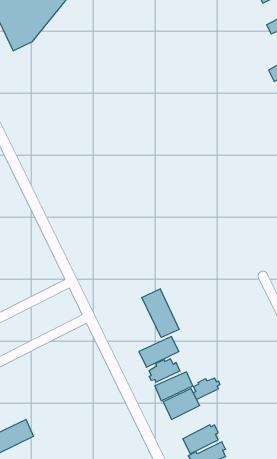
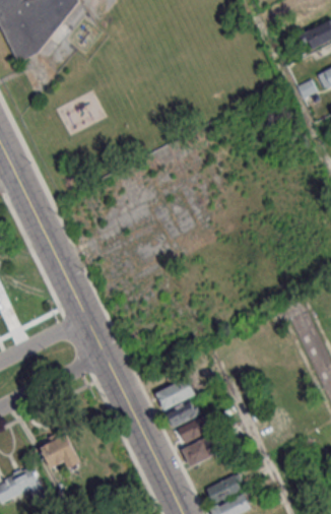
building: [142,289,179,337] -> none
building: [193,378,220,400] -> none
building: none -> [41,434,80,468]

